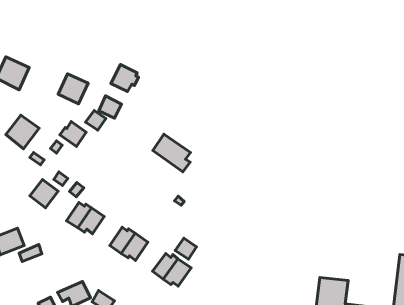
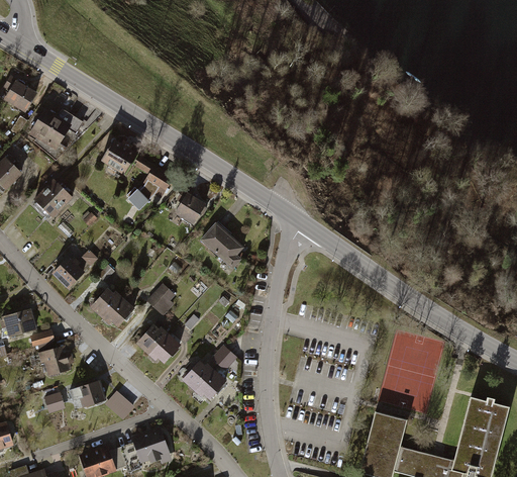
building: [111,65,139,92] -> [174,192,207,224]
building: [60,122,86,146] -> none
building: none -> [146,283,175,312]
building: none -> [37,346,72,375]

